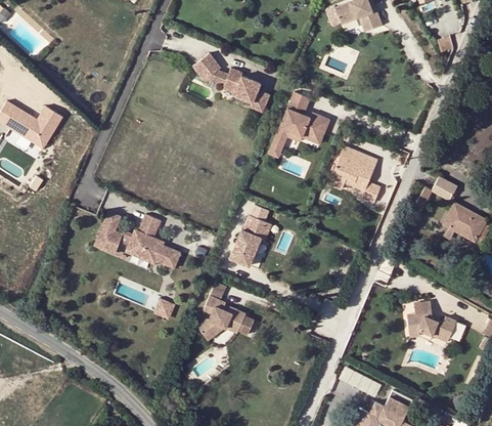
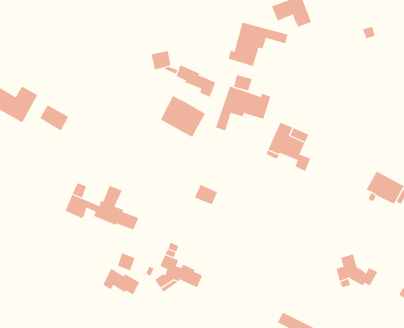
building: none -> [228,22,288,67]
building: none -> [160,95,205,138]
building: none -> [39,104,69,132]
building: [413,176,456,211] -> none
building: [230,231,261,268] -> none
building: none -> [103,268,140,295]

